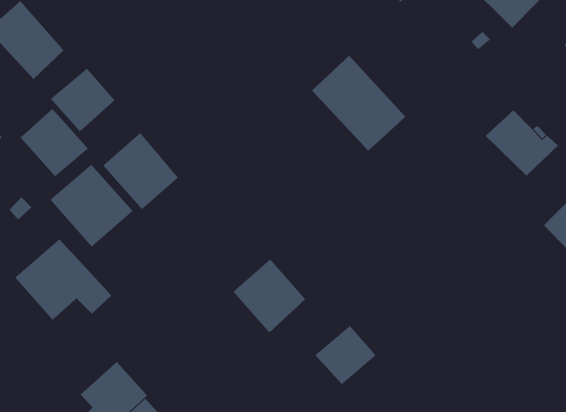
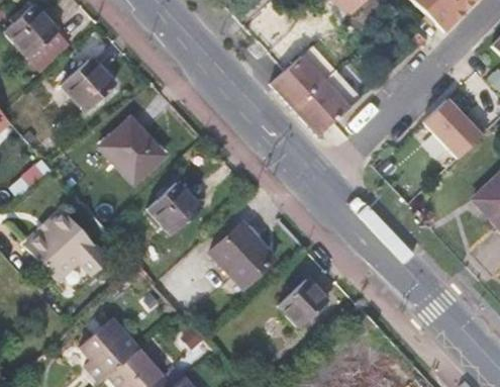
building: [20,108,89,177] -> none
building: [50,164,133,247] -> none
building: none -> [154,179,208,232]

